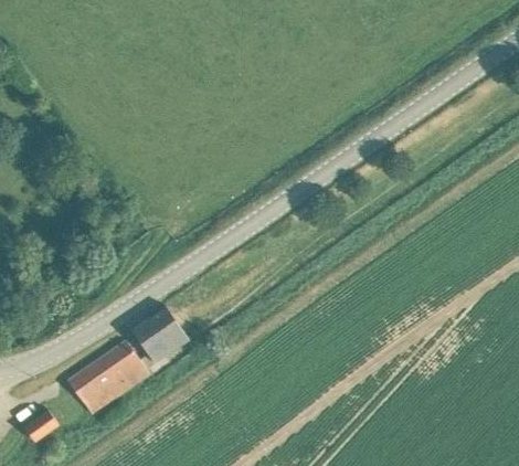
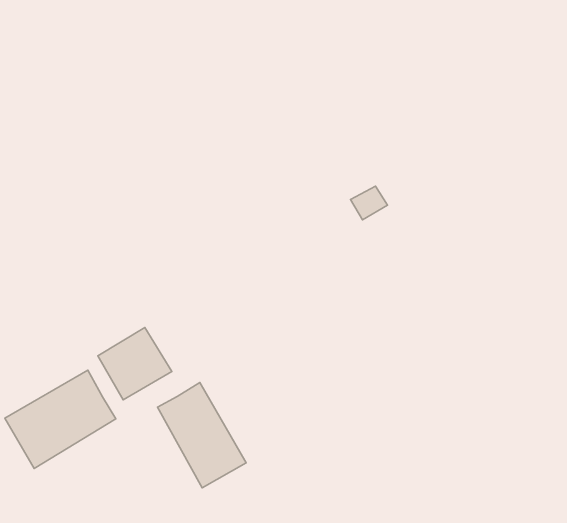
building: none -> [157,383,246,488]

